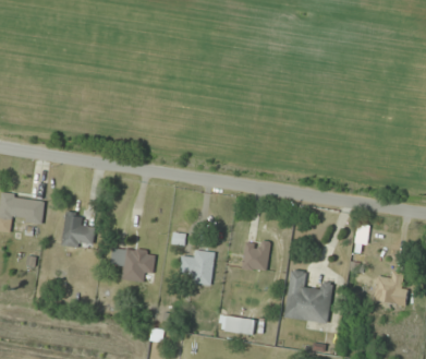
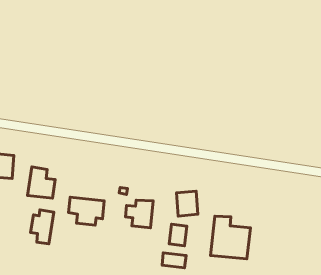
building: none -> [30,210,54,244]
building: none -> [169,224,187,246]
building: [375,287,407,304] -> none

